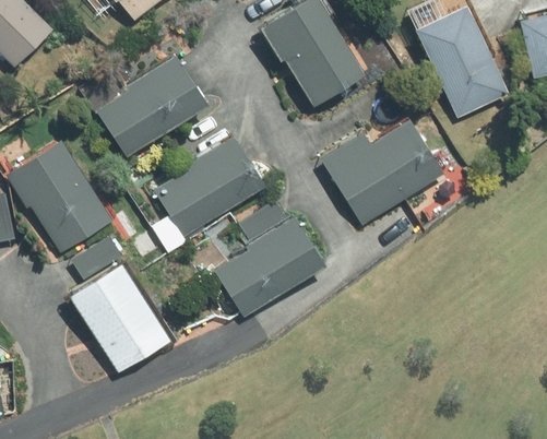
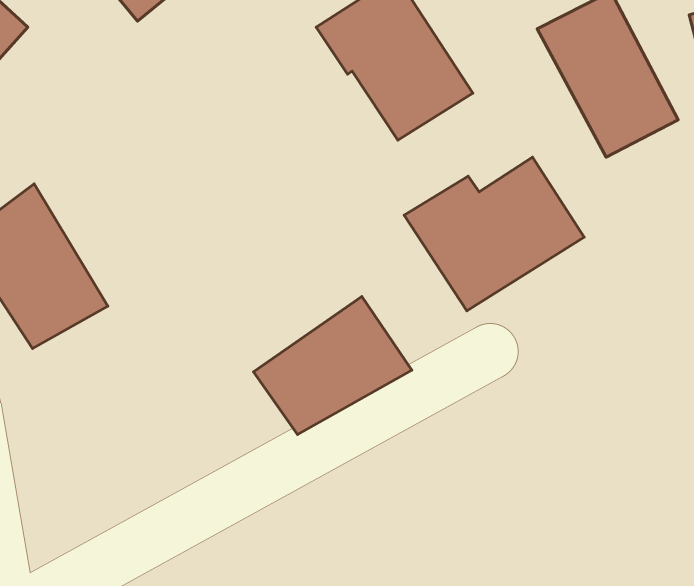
building: [95,56,211,165] -> none
building: [148,139,264,239] -> none
building: [68,265,166,371] -> none

